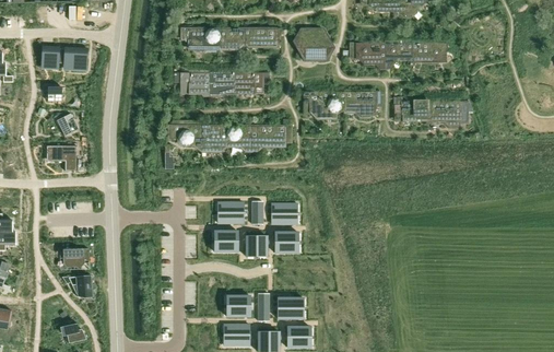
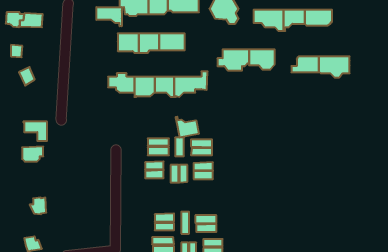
building: none -> [96,7,122,26]
building: [47,146,76,171] -> [23,122,47,141]
building: none -> [176,117,199,138]
building: [62,248,89,267] -> [22,147,43,162]

